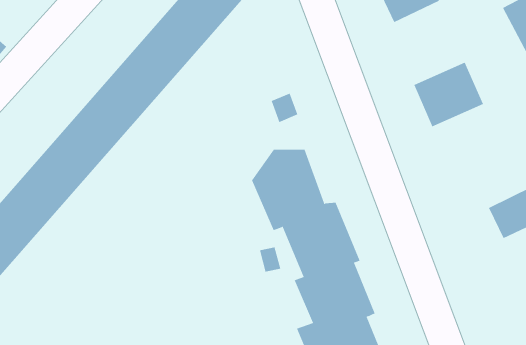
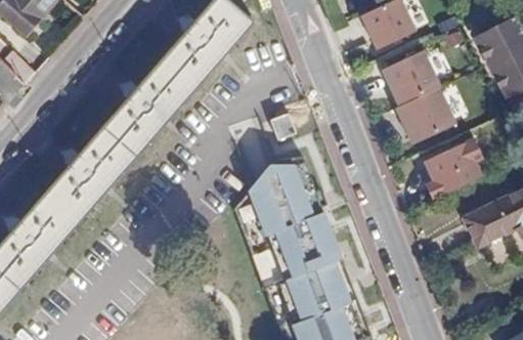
building: none -> [380,50,441,107]
building: none -> [424,138,489,201]

